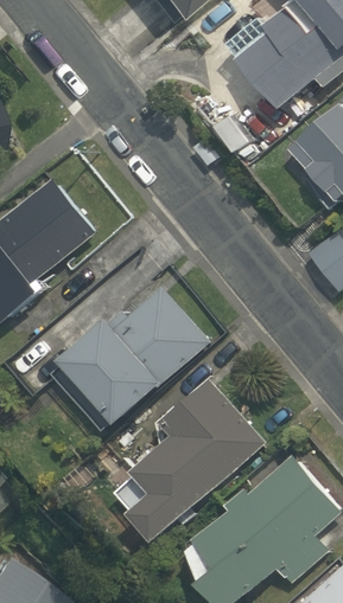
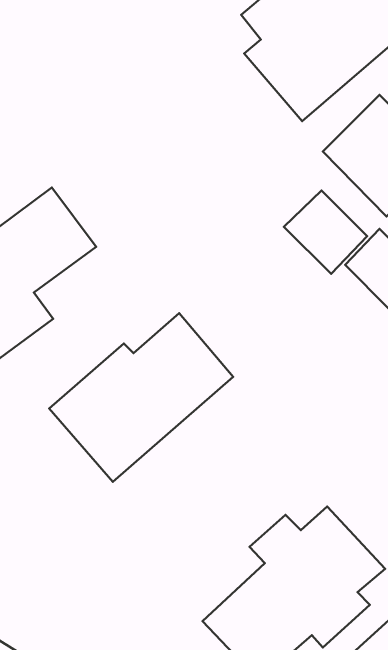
building: none -> [284,191,367,274]
building: [112,380,263,540] -> none

